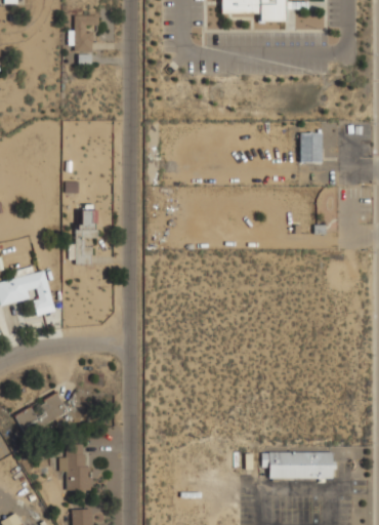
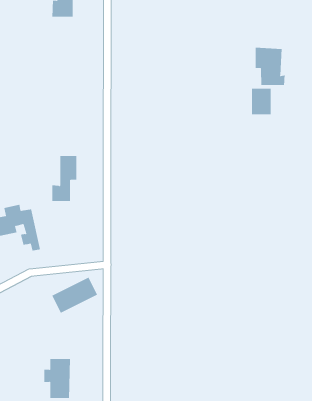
building: none -> [255,47,285,86]
building: [14,393,68,435] -> [52,277,98,313]
building: [261,451,335,479] -> none

